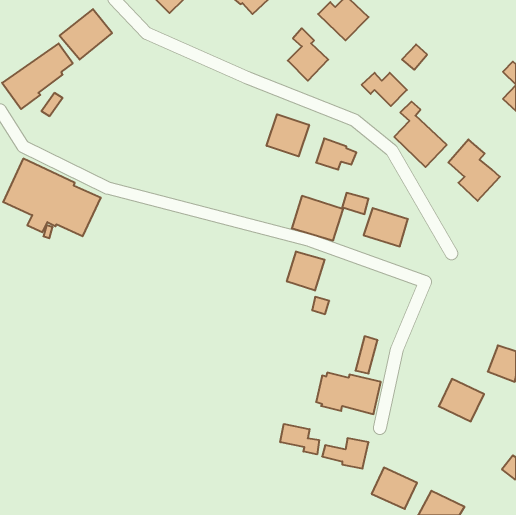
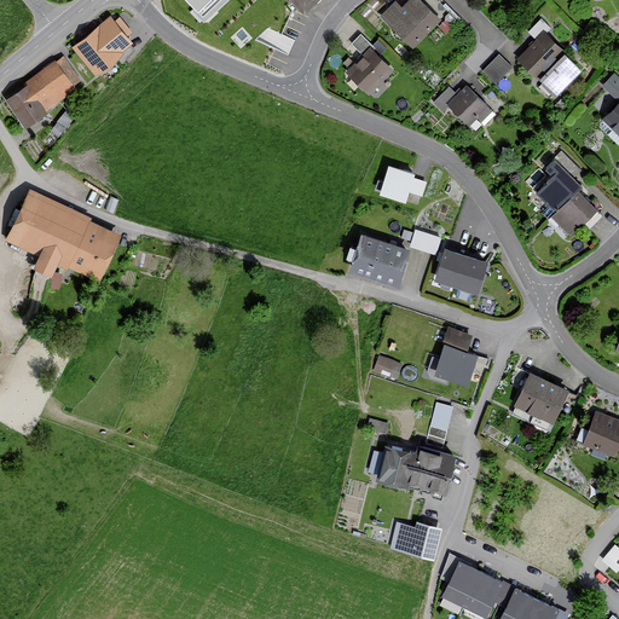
building: [394,102,447,167] -> [520,18,583,97]
building: [267,114,309,156] -> none
building: [287,251,325,291] -> none
building: none -> [433,328,478,383]
building: [439,379,484,421] -> [514,375,568,426]
building: [280,424,319,454] -> none

